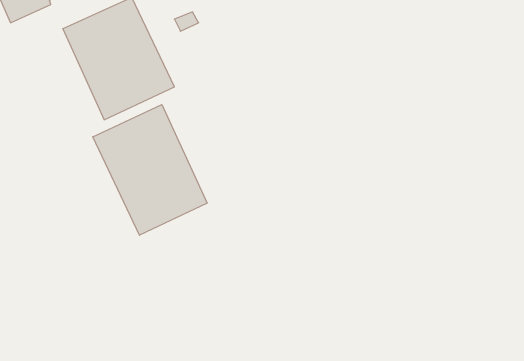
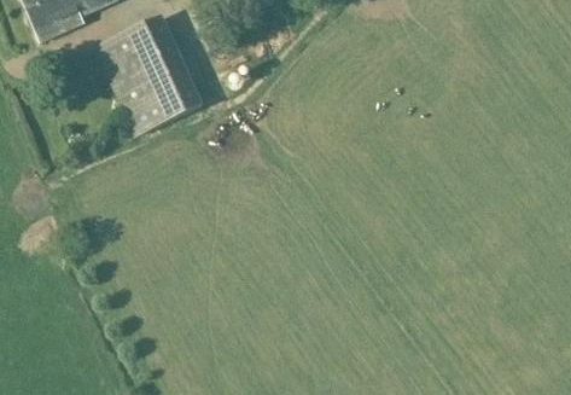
building: [93,105,207,235] -> none

